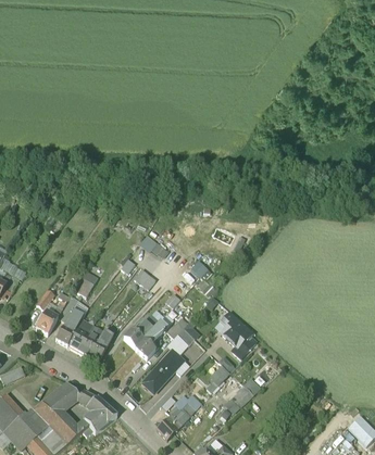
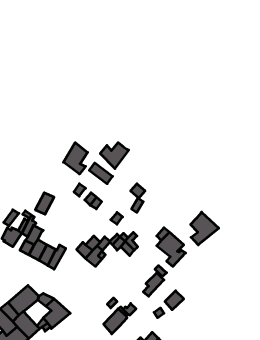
building: none -> [100,143,129,169]
building: none -> [63,143,88,174]
building: none -> [191,212,219,245]
building: [141,350,183,393] -> none

